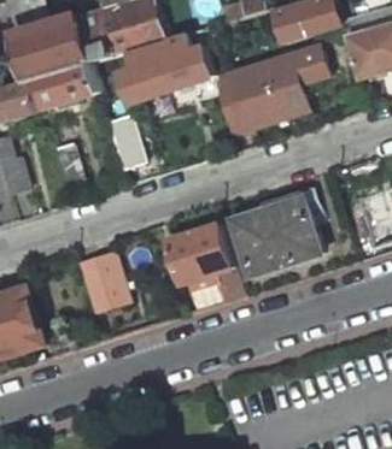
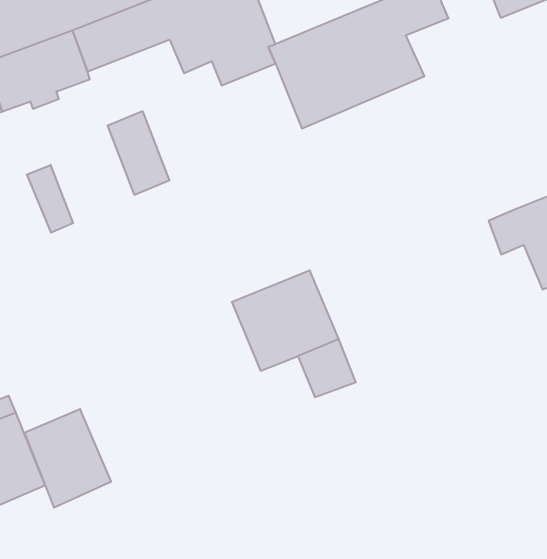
building: [233,202,320,274] -> none
building: [76,254,128,314] -> [25,409,111,508]

